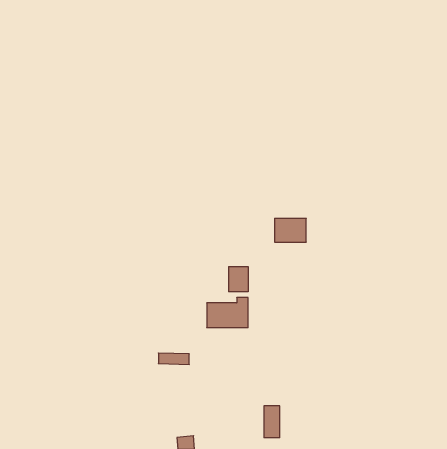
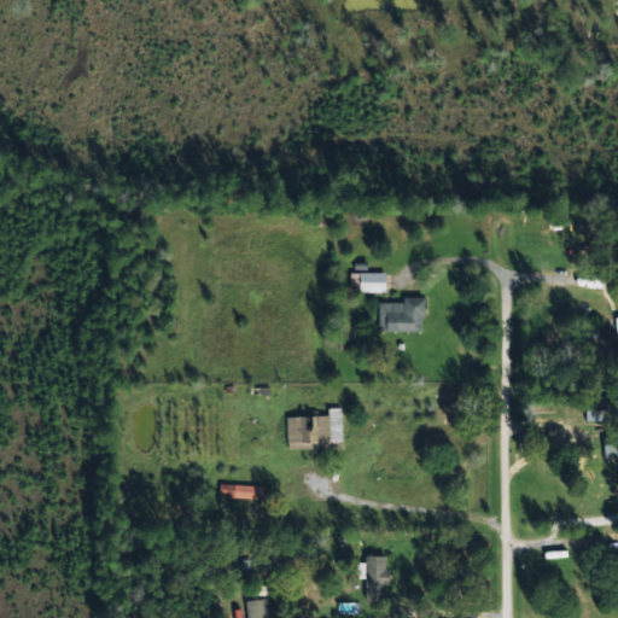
building: none -> [351,273,386,292]
building: [229,267,248,292] -> none

